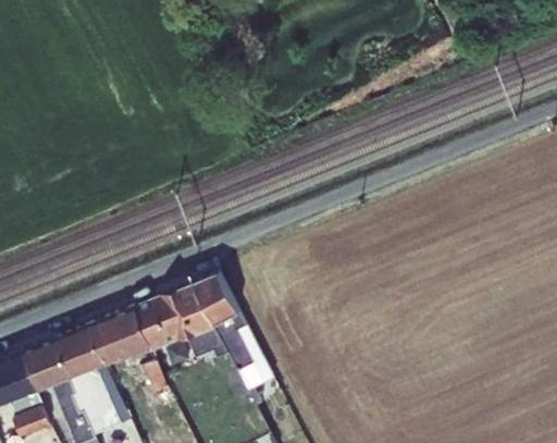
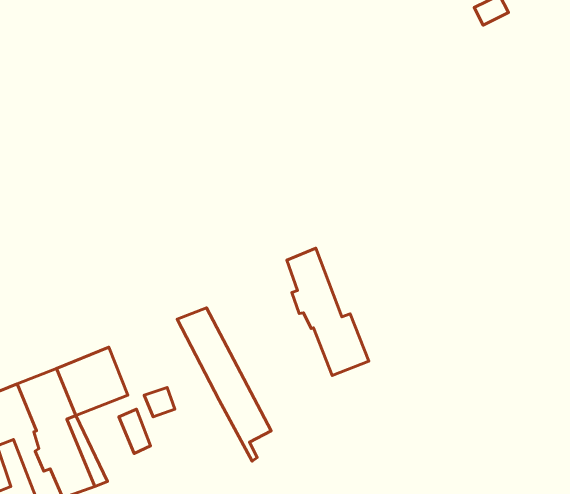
building: none -> [287,248,369,375]
building: [134,283,228,358] -> none

